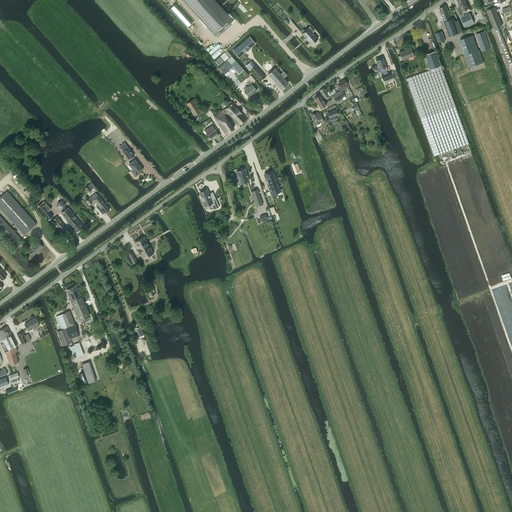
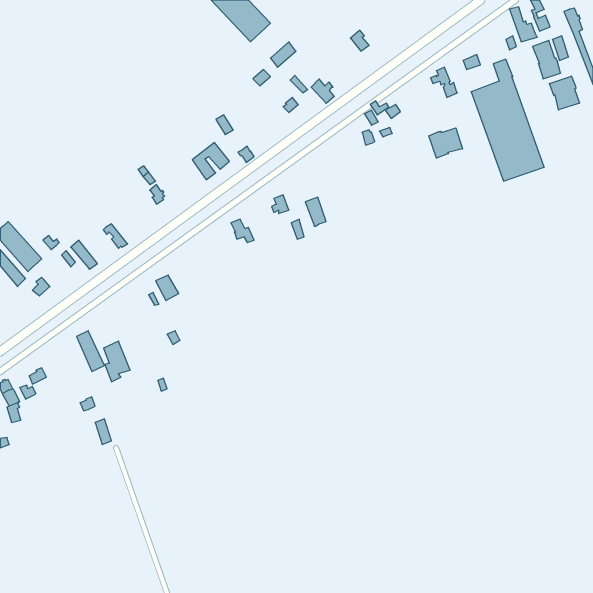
building: none -> [549,76,579,110]
building: [214,102,246,134] -> [192,143,229,180]
building: none -> [429,128,463,158]
building: [56,311,79,346] -> [104,341,130,382]

